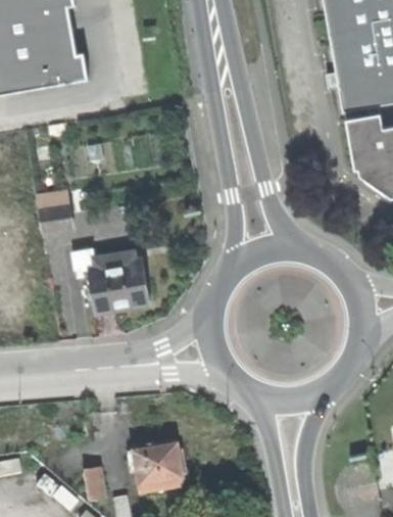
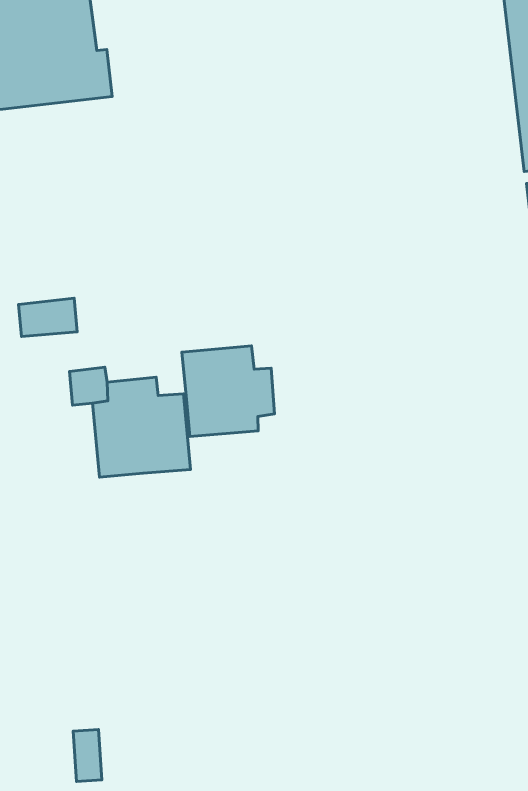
building: none -> [182,346,275,437]
building: [132,441,183,494] -> none

